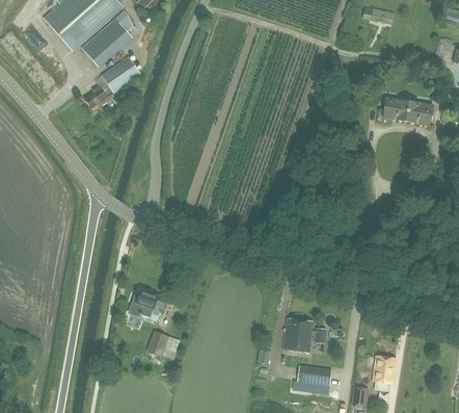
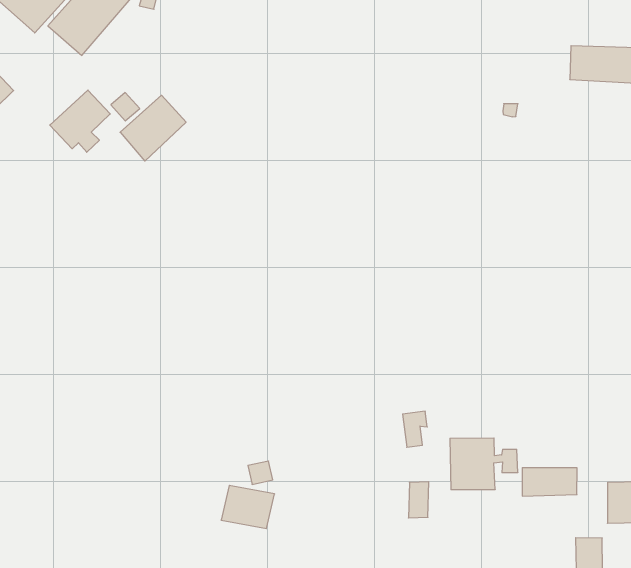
building: [101,55,140,93] -> [120,95,186,161]
building: [128,286,166,314] -> none
building: [297,364,331,384] -> [522,468,577,496]

